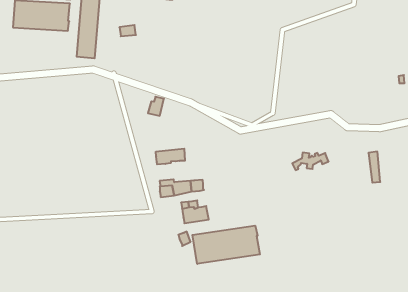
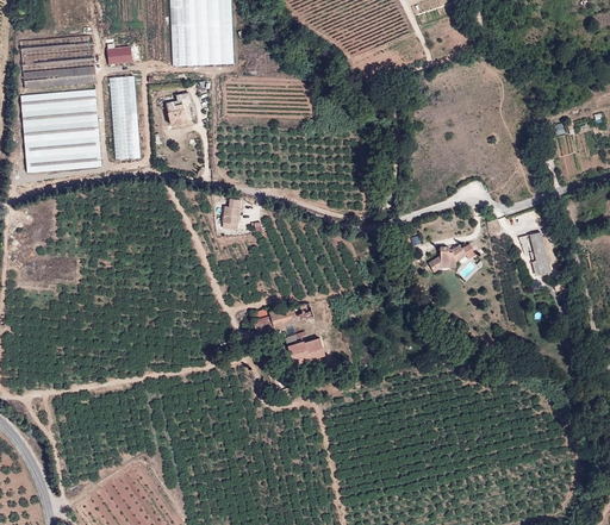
building: none -> [24,130,101,173]
building: [156,149,185,164] -> none
building: [192,226,260,264] -> none

